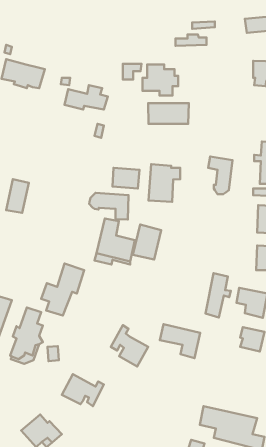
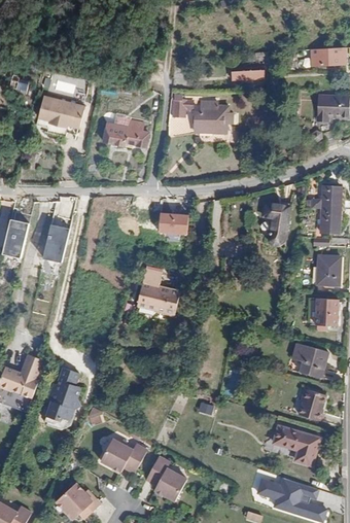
building: [148,103,189,124] -> none
building: [149,164,180,202] -> none
building: [89,193,129,219] -> none
building: [133,225,161,259] -> none
building: [41,264,84,315] -> none
building: [206,273,231,317] -> none
building: [160,324,200,358] -> [274,425,318,462]
building: [111,325,148,366] -> [147,456,188,501]

